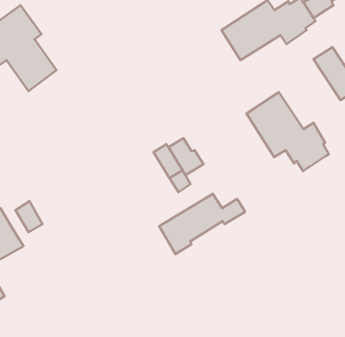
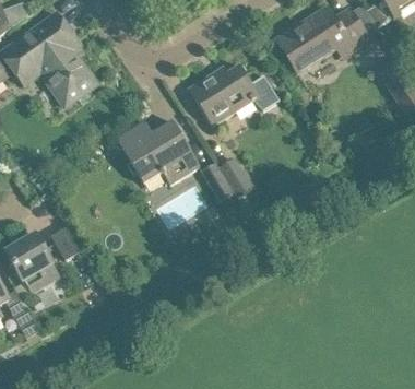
building: none -> [188,64,278,126]
building: [246,92,329,171] -> none
building: none -> [116,120,200,184]
building: [159,194,245,254] -> none

